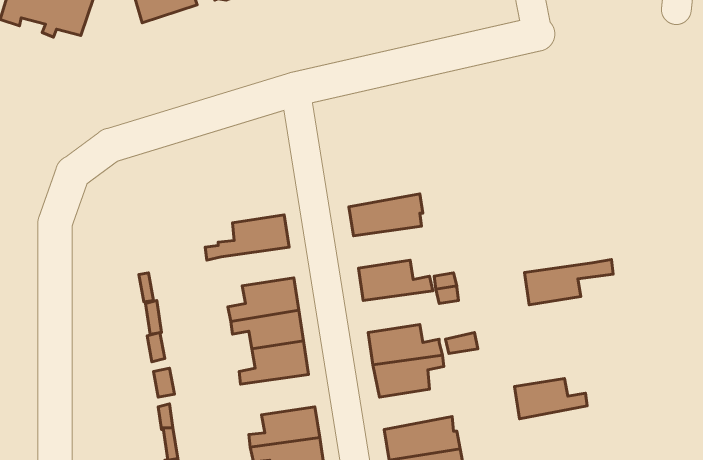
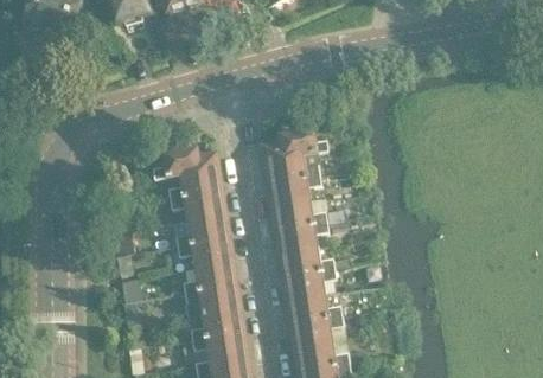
building: none -> [262,132,326,161]
building: none -> [153,147,217,177]
building: none -> [171,191,224,219]
building: [524,259,613,305] -> [268,173,333,206]
building: none -> [275,223,327,254]
building: none -> [185,284,239,315]
building: [515,379,587,419] -> [287,295,340,325]

